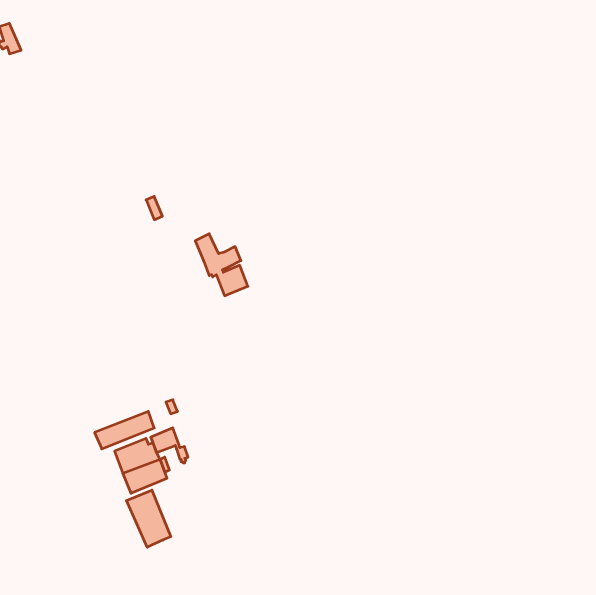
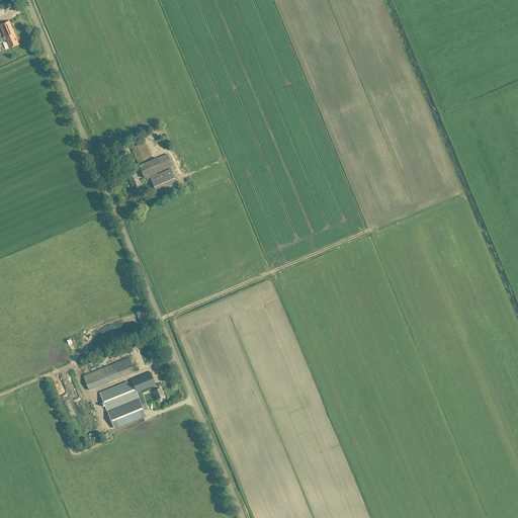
building: [195,234,248,296] -> [132,141,177,194]
building: [126,490,171,547] -> none

